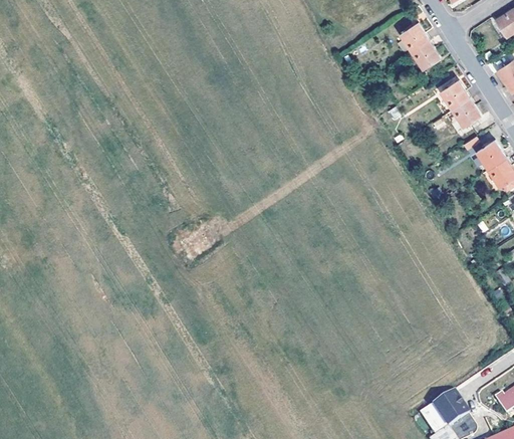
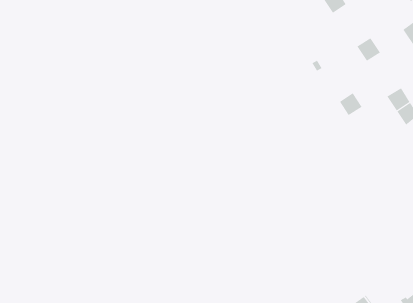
building: [412,40,441,69] -> none
building: [453,98,481,127] -> [339,93,362,116]

